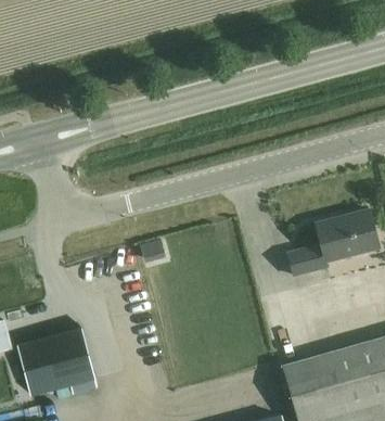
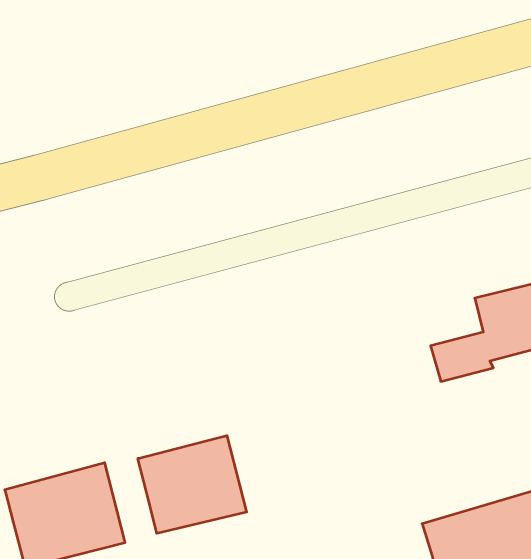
building: none -> [138,436,247,533]

